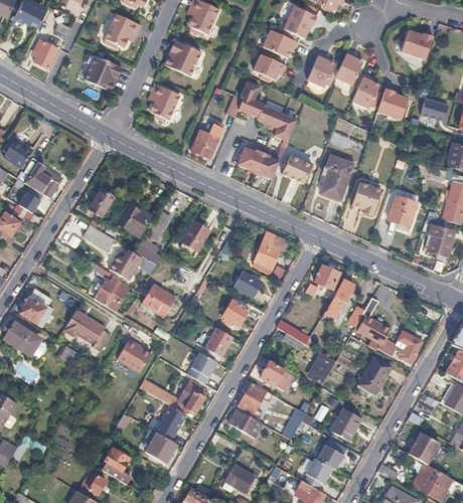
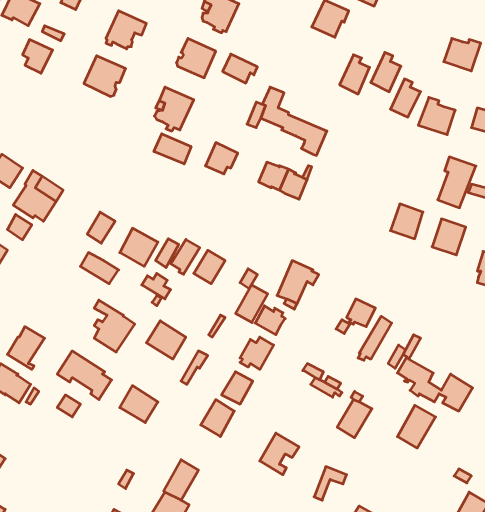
building: [265,30,298,56] -> none
building: [257,54,287,79] -> [223,54,257,83]
building: none -> [154,134,191,164]
building: [283,155,312,182] -> none
building: [321,155,354,199] -> [438,157,476,208]
building: [115,250,140,281] -> [171,239,200,274]
building: none -> [236,285,268,323]
building: [260,361,292,390] -> none
building: [139,379,207,413] -> none
building: [228,407,268,434] -> none
building: [332,407,362,442] -> none

